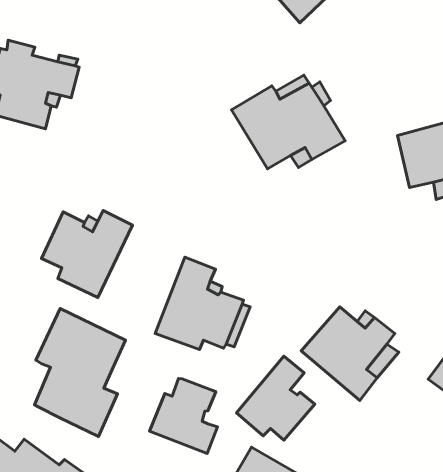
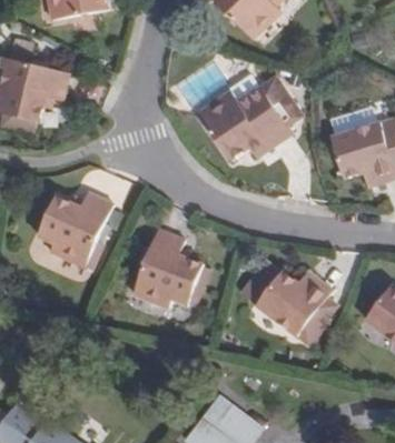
building: [34,309,126,437] -> none
building: [236,356,315,440] -> none
building: [150,379,217,453] -> none

